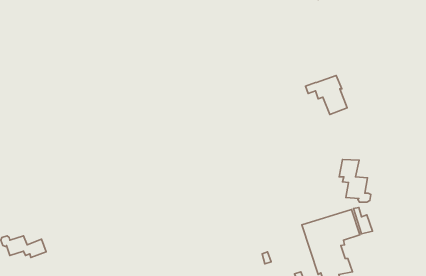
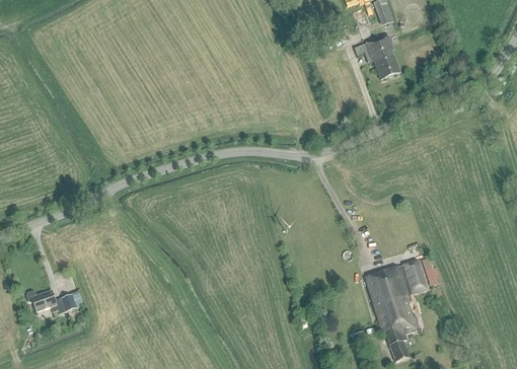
building: [306,75,347,114] -> [354,34,400,78]
building: [339,159,371,202] -> none

